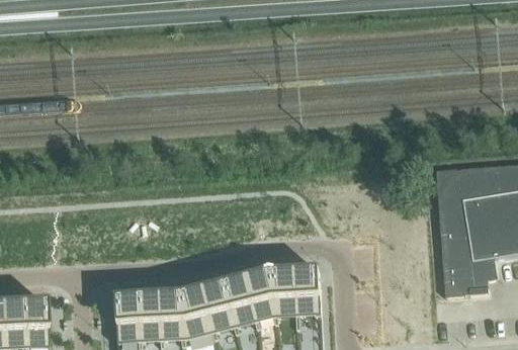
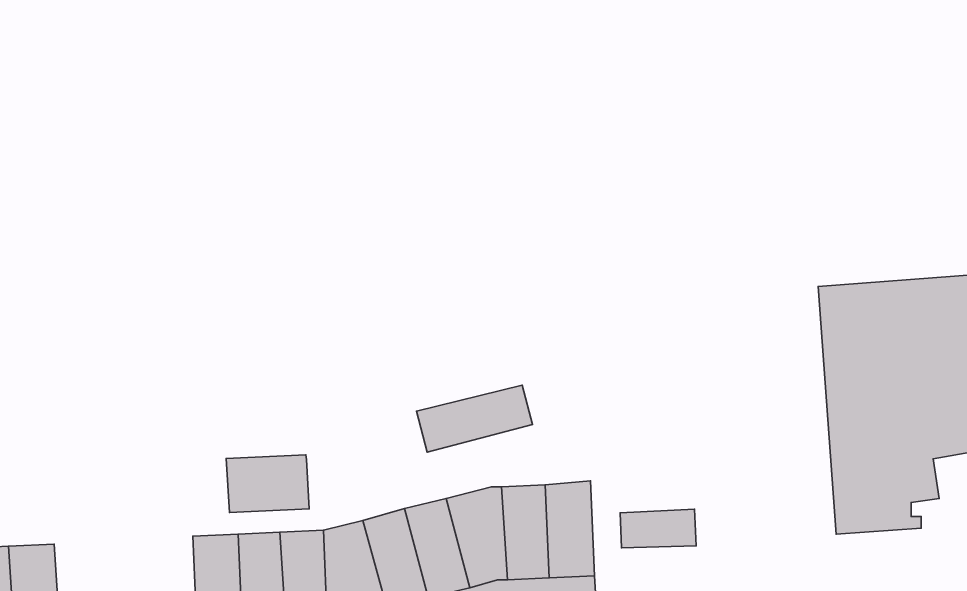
building: none -> [416,385,532,452]
building: none -> [226,455,309,513]
building: none -> [620,509,696,548]

